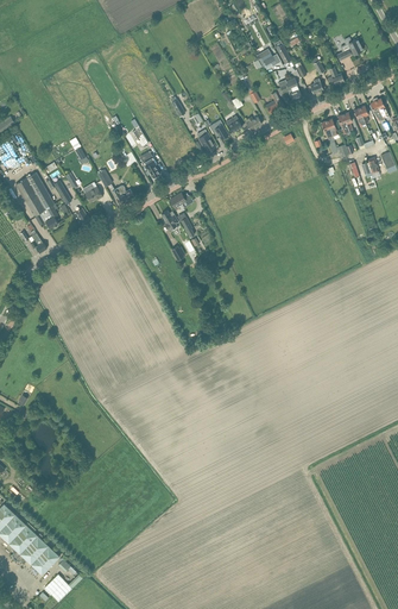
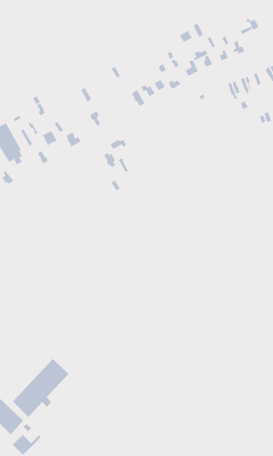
building: none -> [12,358,69,418]

